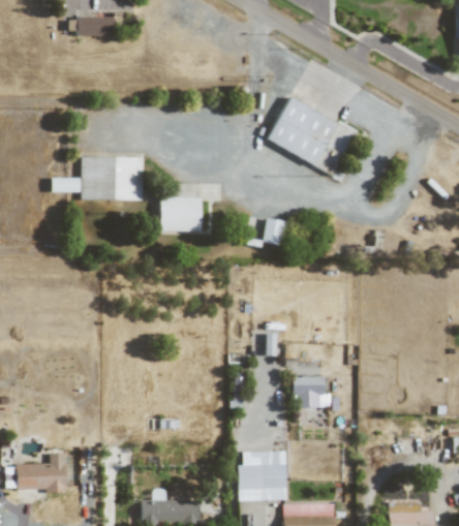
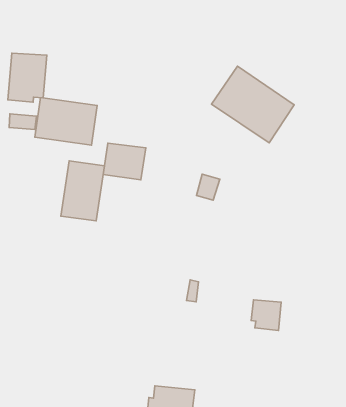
building: none -> [8,53,47,102]
building: none -> [61,161,104,221]
building: [293,375,324,406] -> [251,300,281,331]

